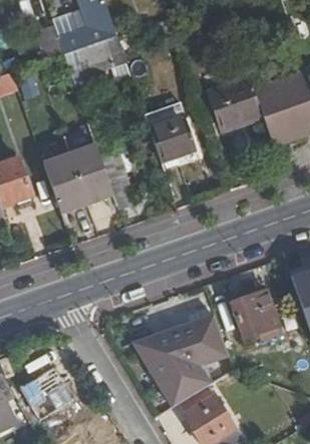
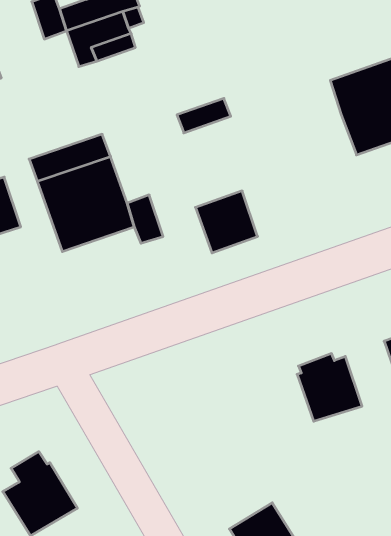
building: [210,78,264,130] -> none
building: [149,116,195,161] -> [195,191,258,253]
building: [140,313,230,402] -> none

